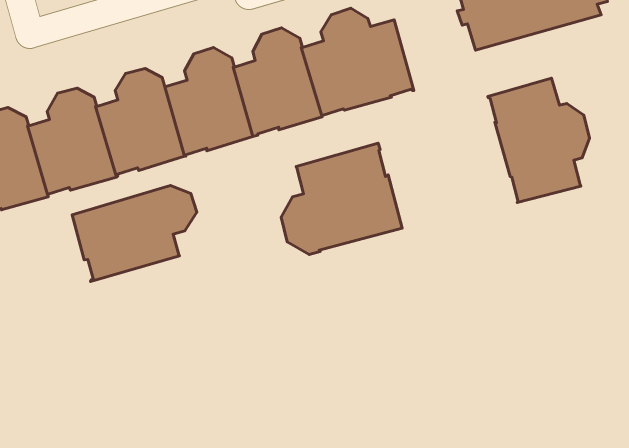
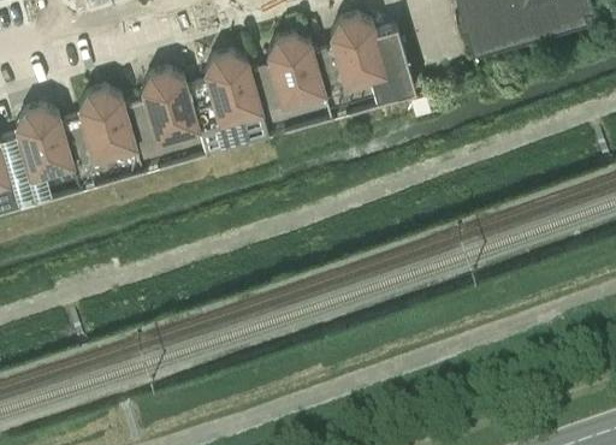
building: [488,78,589,203] -> none
building: [281,143,402,254] -> none
building: [72,185,197,282] -> none

